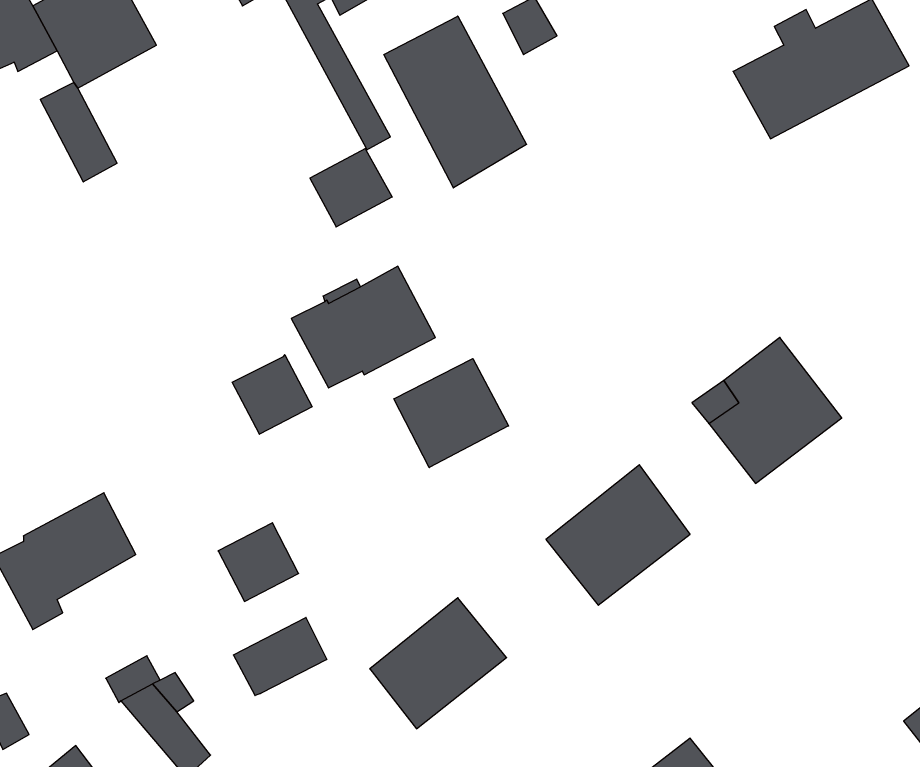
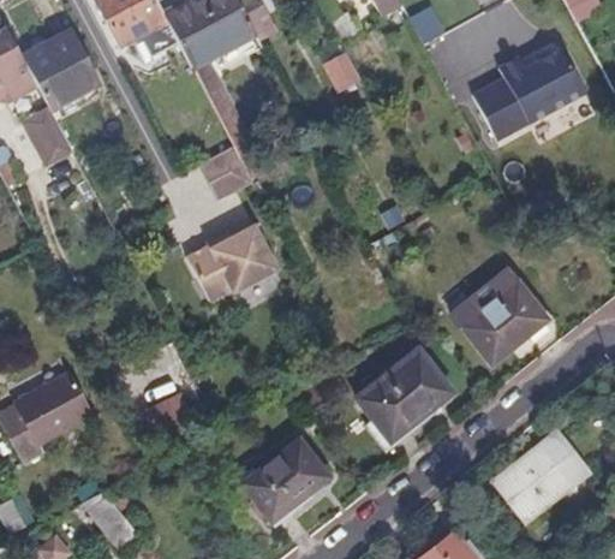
building: [384,16,527,188] -> none
building: [232,355,312,434] -> none
building: [394,359,509,468] -> none
building: none -> [496,441,581,522]
building: [233,617,327,696] -> none

